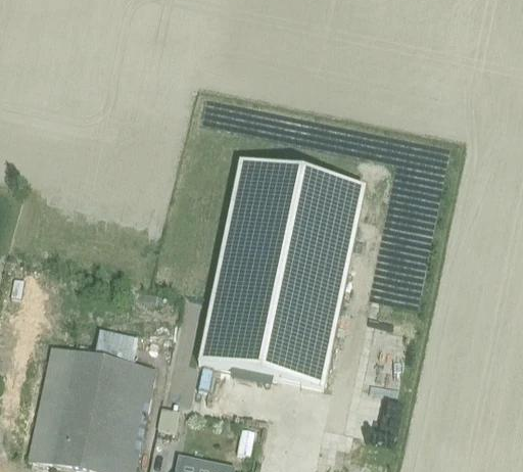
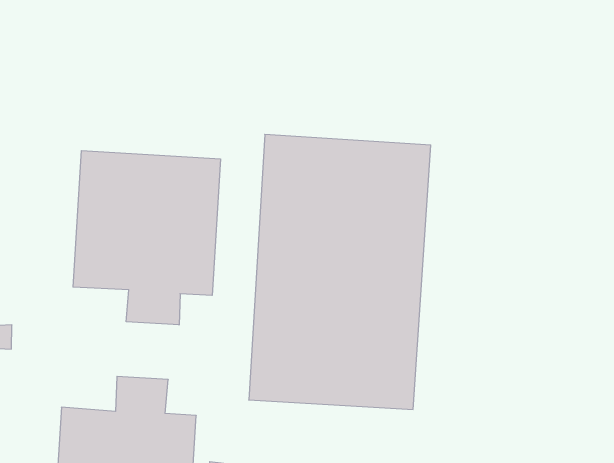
building: none -> [73,151,220,325]

